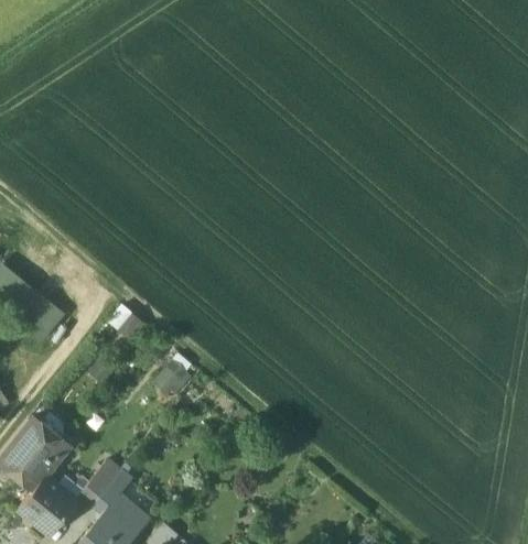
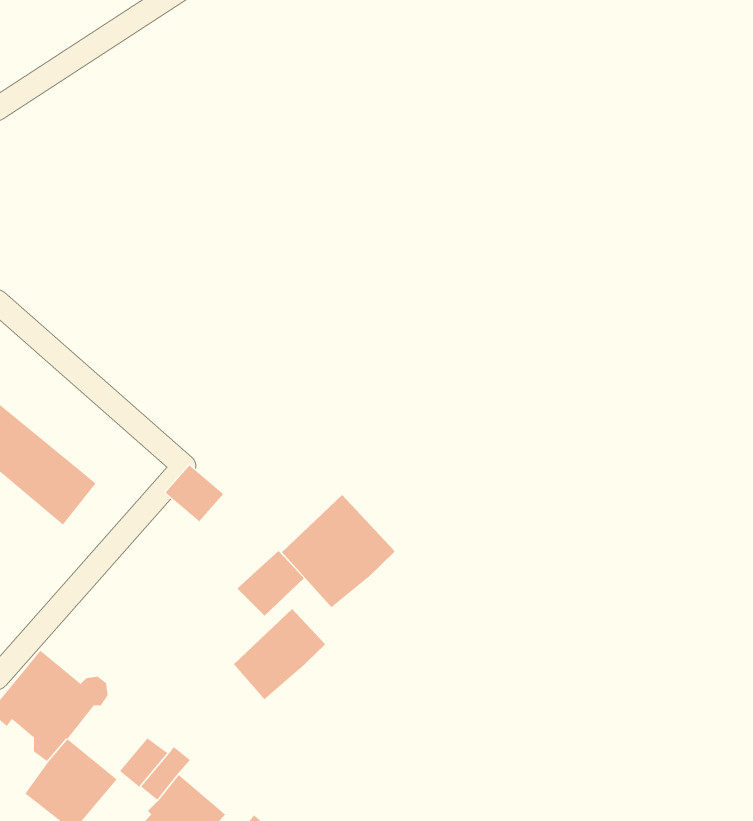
building: none -> [281,494,395,608]
building: none -> [233,608,325,700]

